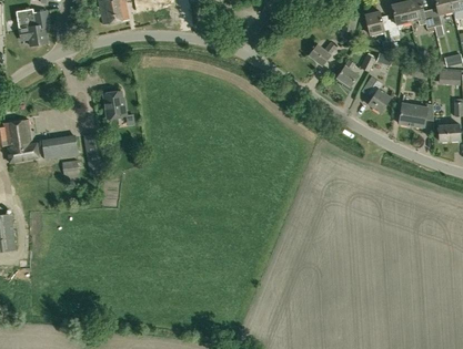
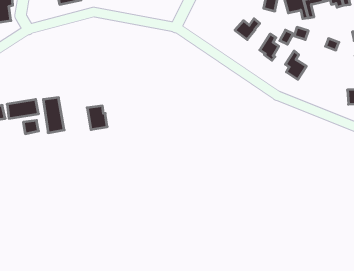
building: [103,91,127,119] -> [87,106,107,130]
building: [399,103,433,127] -> none

